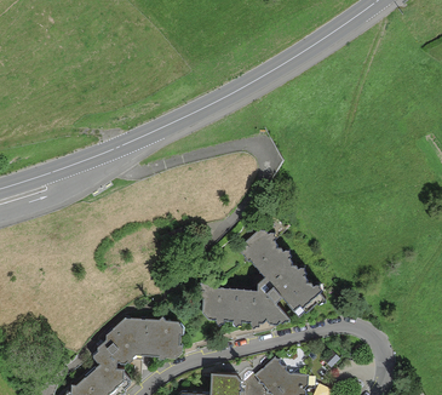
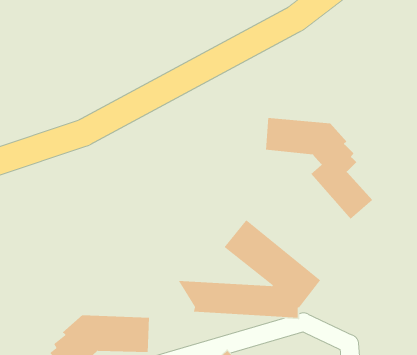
building: none -> [265,117,373,220]

